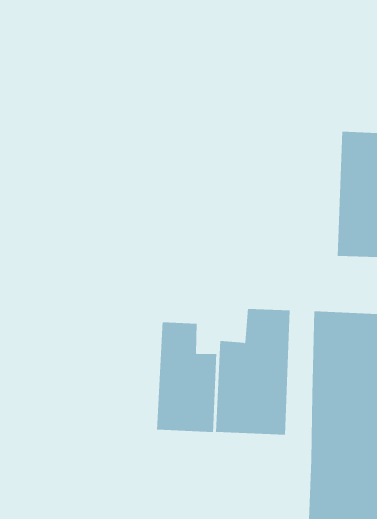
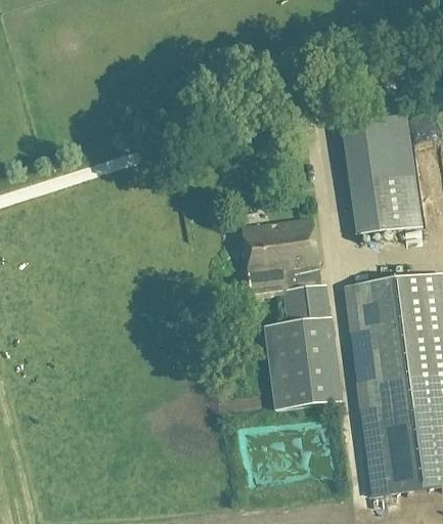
building: none -> [242,215,320,281]
building: [156,322,217,433] -> none

